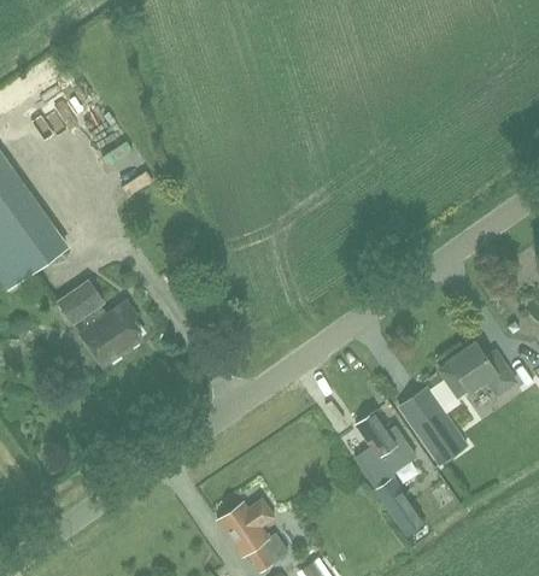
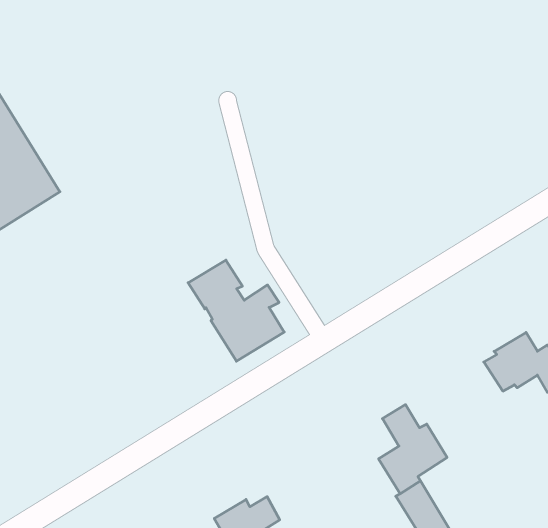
building: [57,281,142,368] -> [188,260,284,361]
building: [399,388,465,464] -> none

